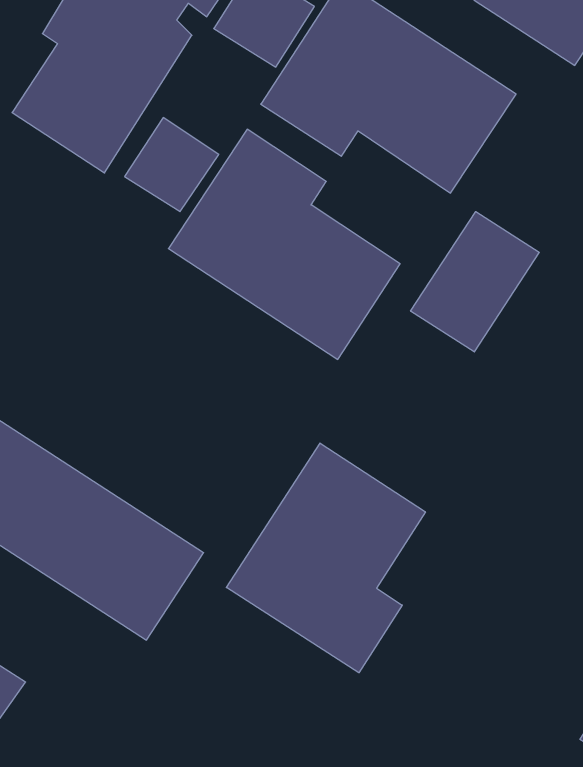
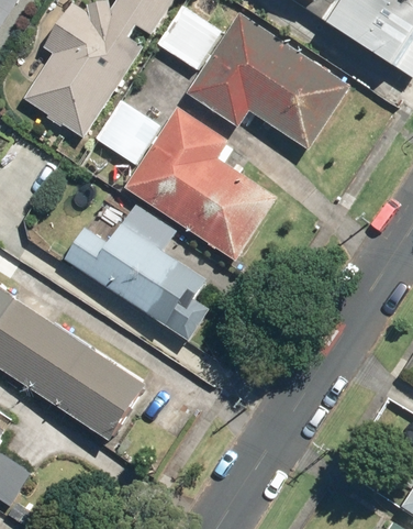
building: [411,212,539,352] -> none
building: none -> [63,202,210,340]
building: [226,443,425,673] -> none

